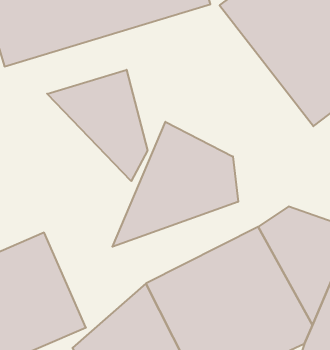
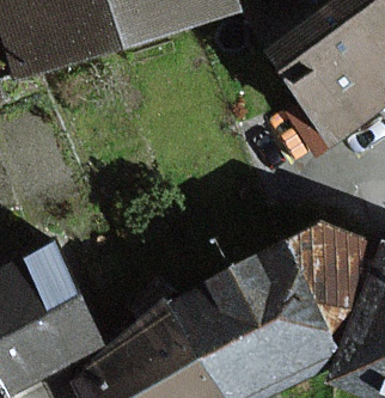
building: [47,70,147,181] -> none
building: [112,122,238,247] -> none

